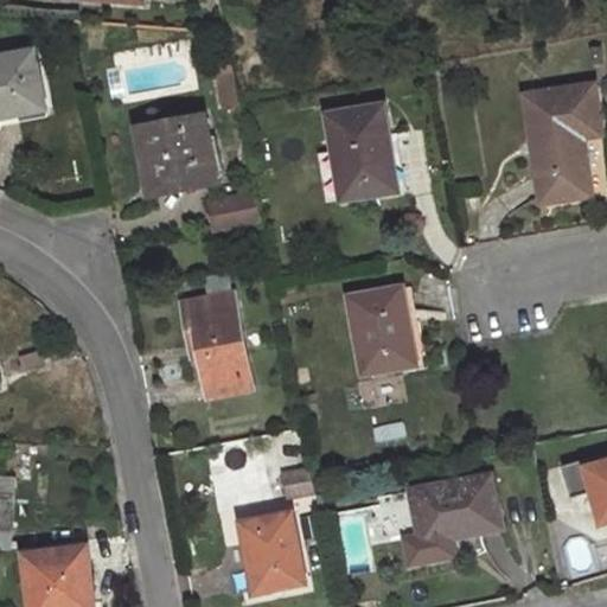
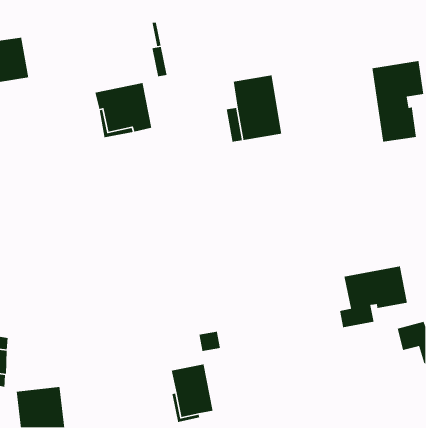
building: [207,192,260,226] -> none
building: [181,274,251,398] -> none
building: [350,287,416,372] -> none
building: [403,475,500,564] -> [339,265,408,328]

